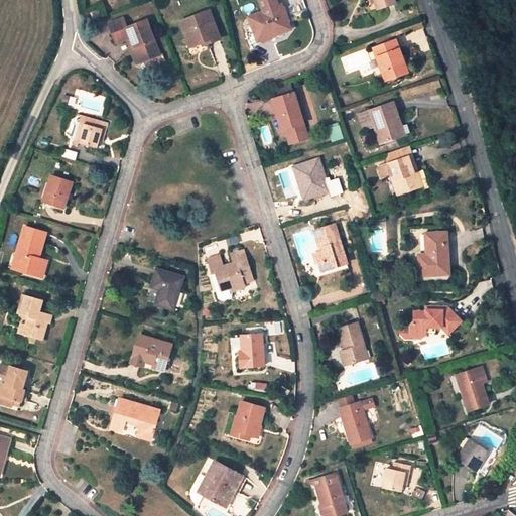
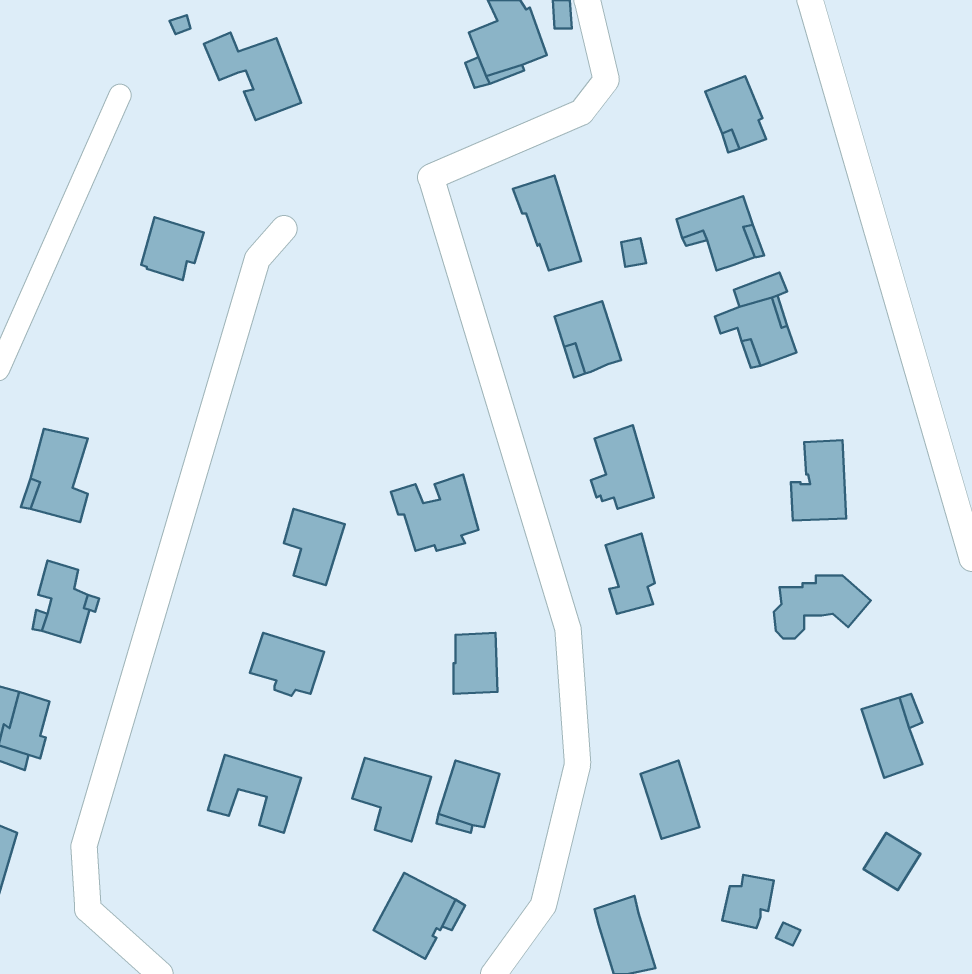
building: [179,10,219,47] -> none
building: [42,176,72,208] -> none
building: [338,322,364,365] -> [605,534,655,614]
building: none -> [352,758,431,842]

